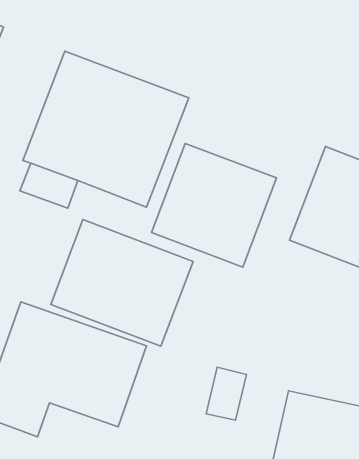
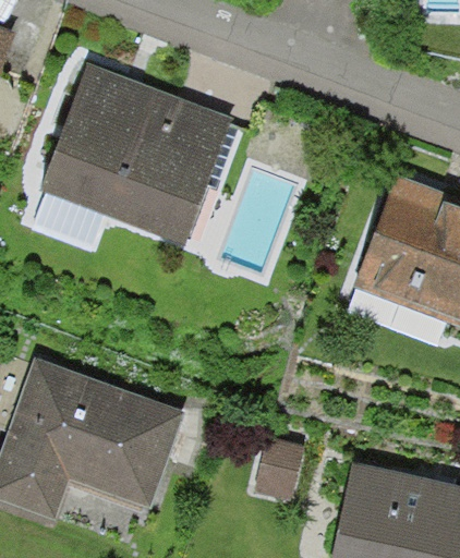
building: [151,143,277,267] -> none
building: [51,220,193,346] -> none

